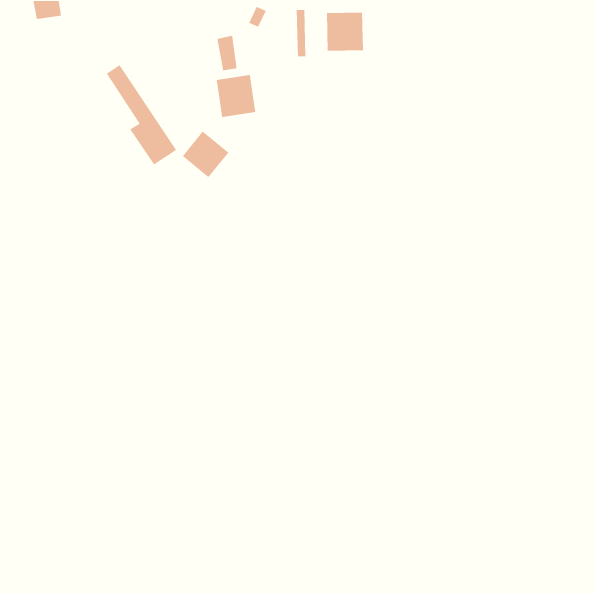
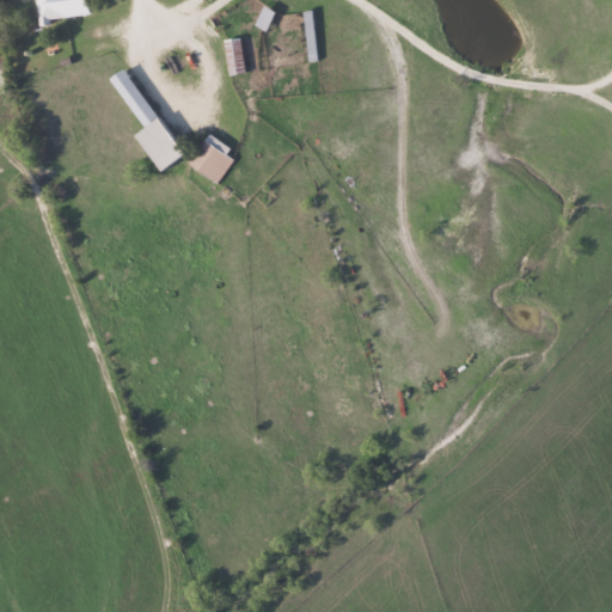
building: [326,12,364,51] -> none
building: [216,74,256,118] -> none

